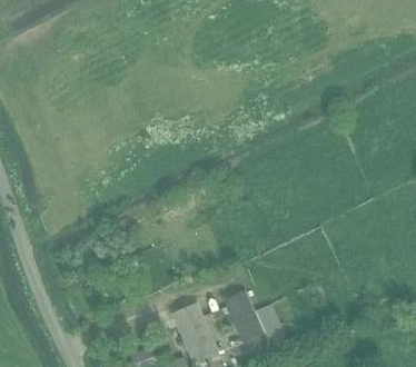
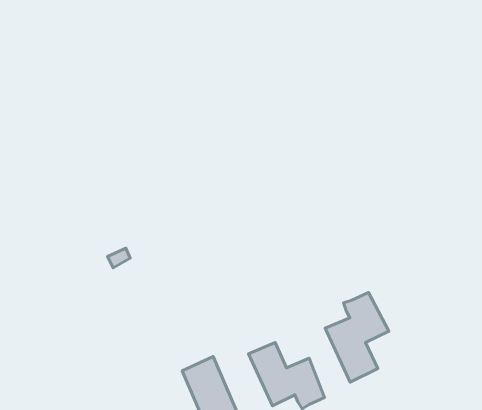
building: none -> [325,292,389,382]

